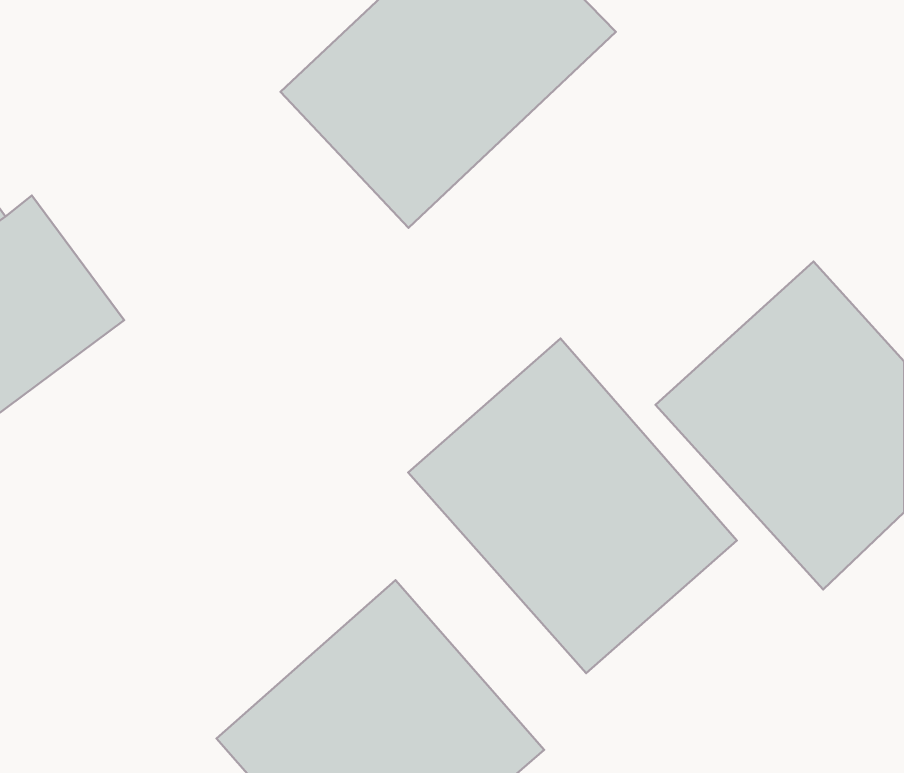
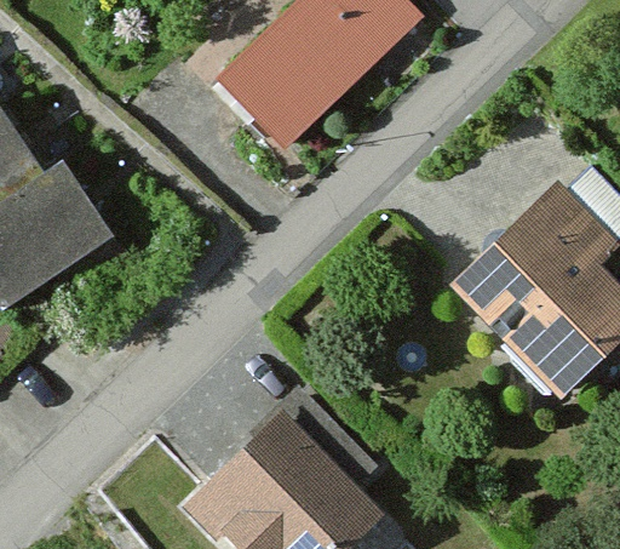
building: [408,338,737,673] -> none

